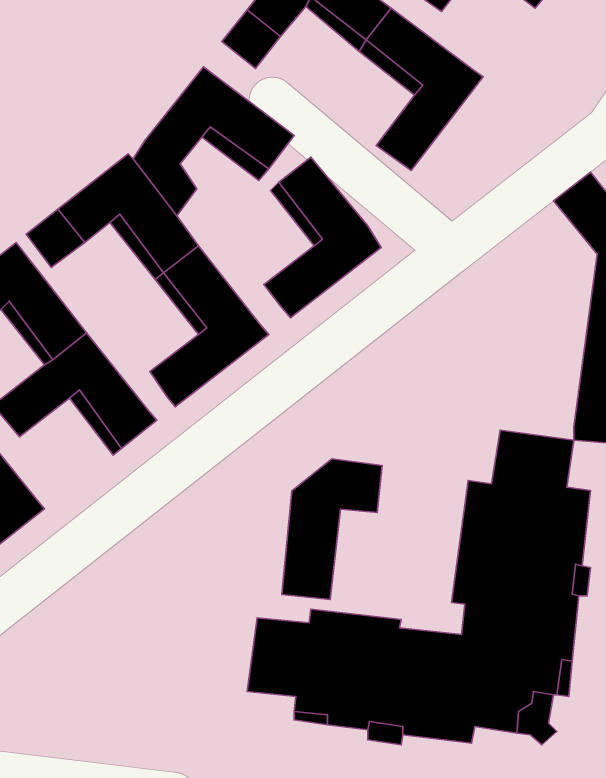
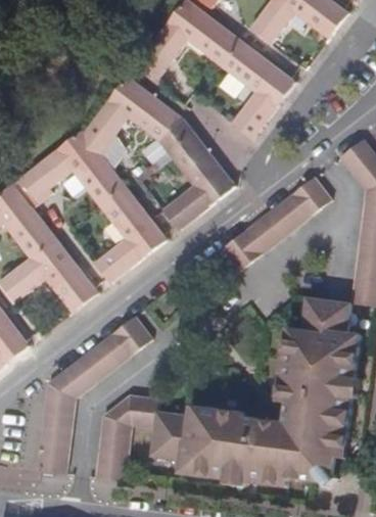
building: none -> [222,176,333,271]
building: [282,459,382,600] -> [97,394,158,480]
building: none -> [35,316,153,474]

